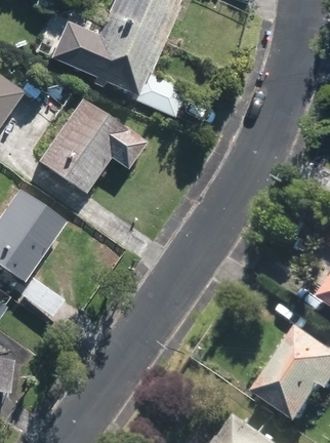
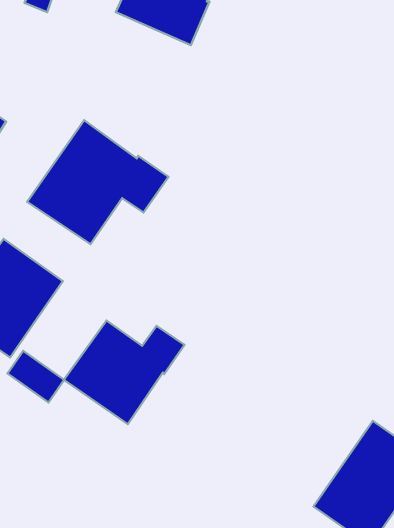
building: [48,11,185,117] -> none
building: none -> [64,321,185,424]

